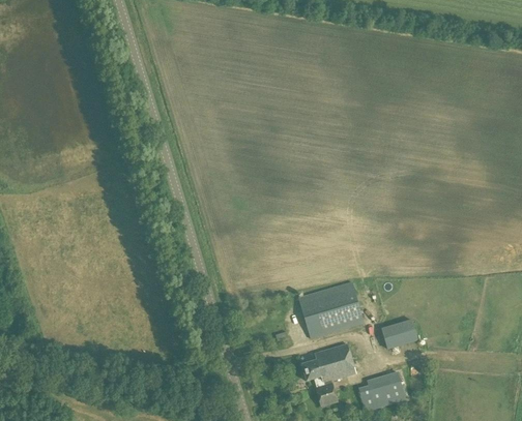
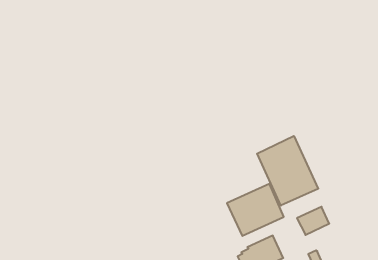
building: none -> [257,136,318,206]

